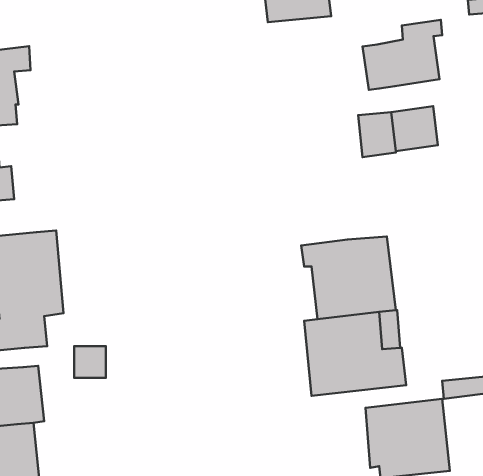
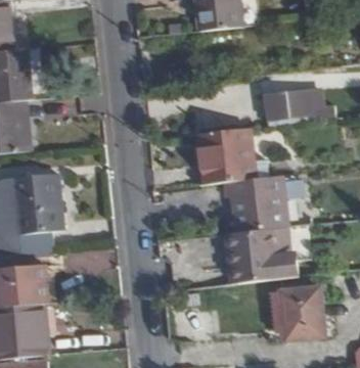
building: [363,20,442,90] -> none
building: none -> [196,128,255,184]

